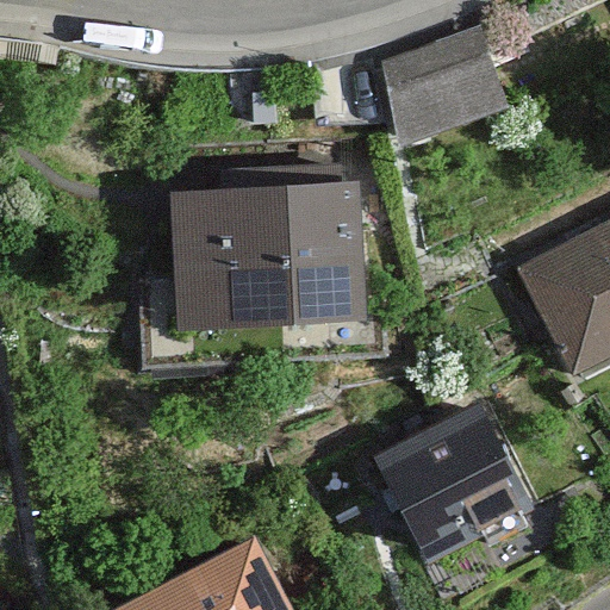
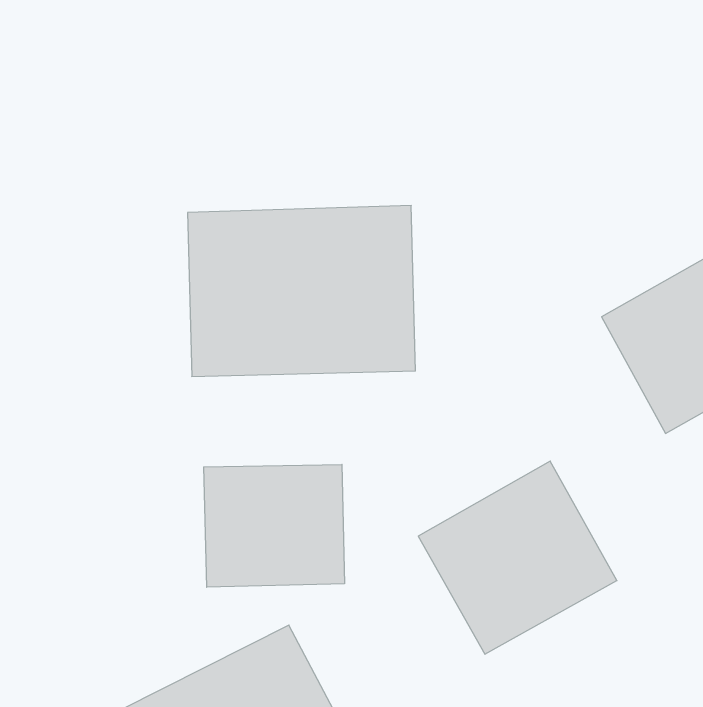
building: [376,35,511,149] -> none
building: none -> [204,464,344,587]

